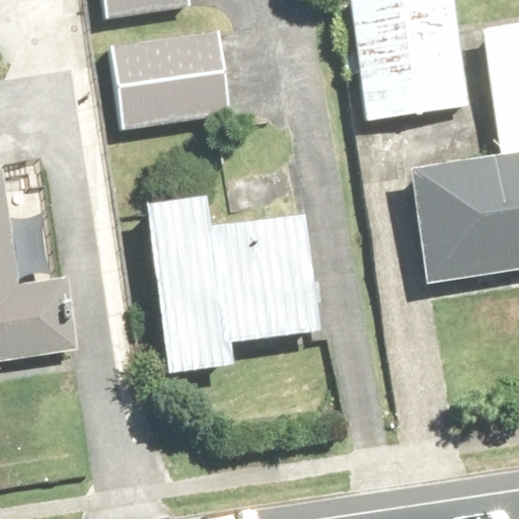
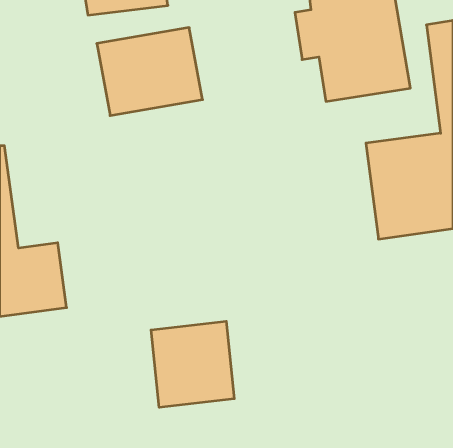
building: [150,195,316,370] -> none
building: none -> [151,321,234,407]

